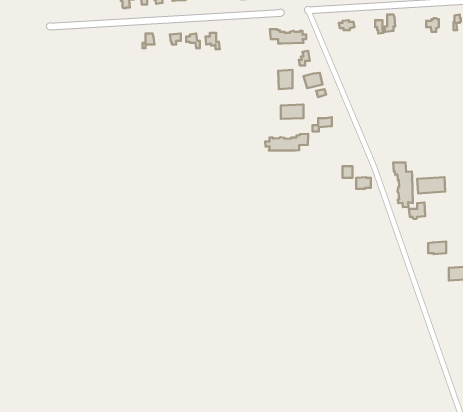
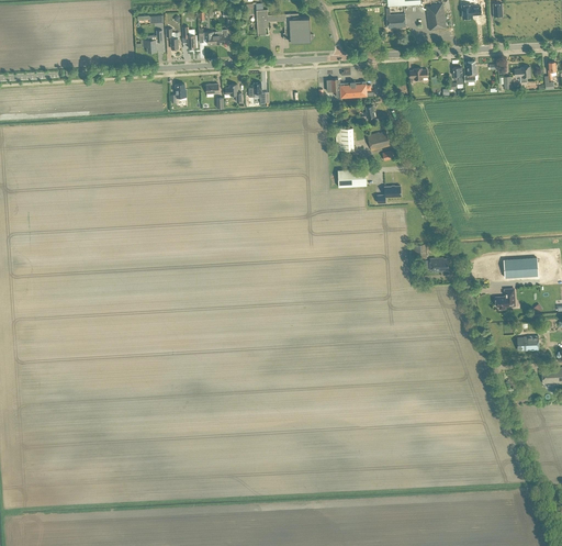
building: [265,134,308,150] -> none
building: [393,162,413,207] -> none

